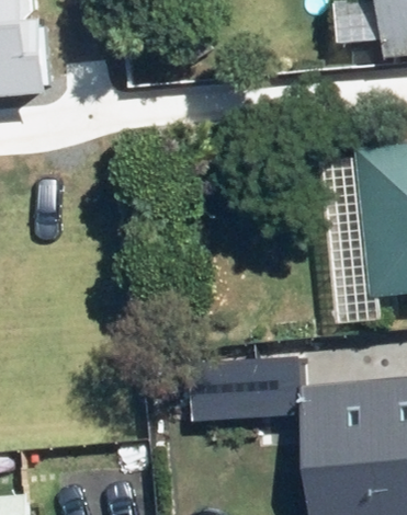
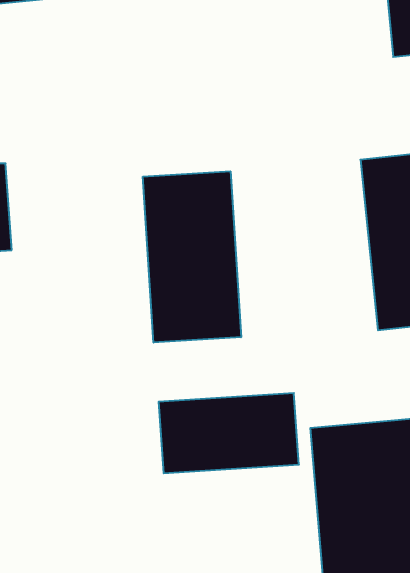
building: none -> [143,171,241,343]

